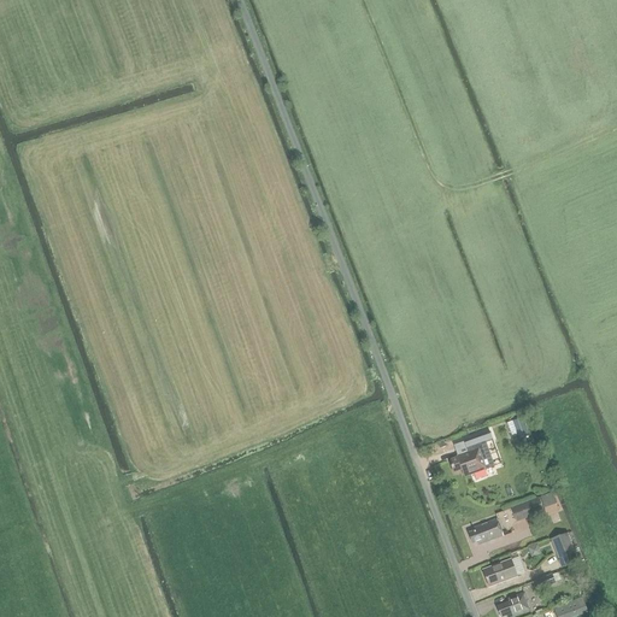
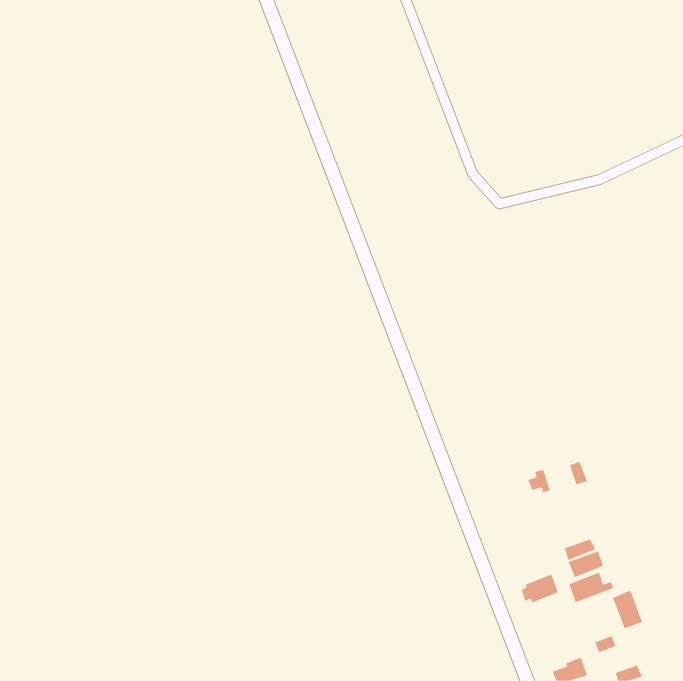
building: [449,446,487,474] -> none
building: [484,557,525,584] -> [569,572,614,603]

